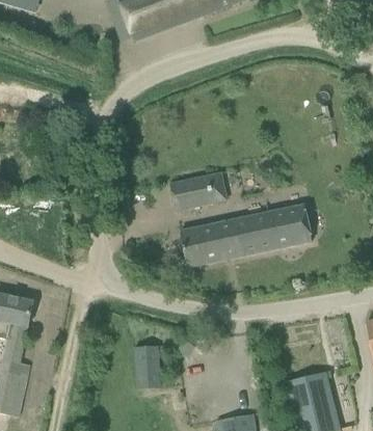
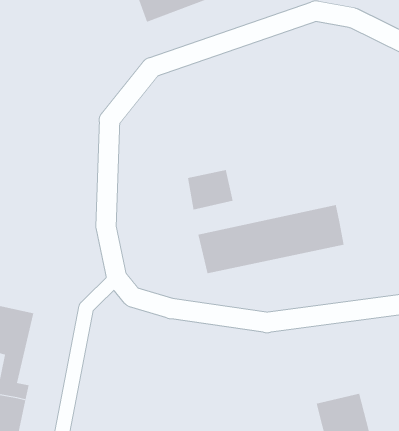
building: [135,345,160,388] -> none

